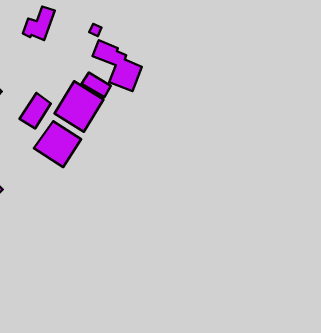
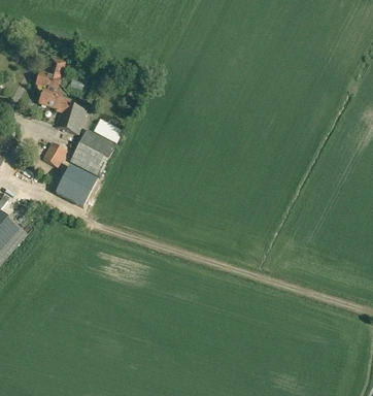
building: [92,40,142,91] -> [38,87,86,133]

